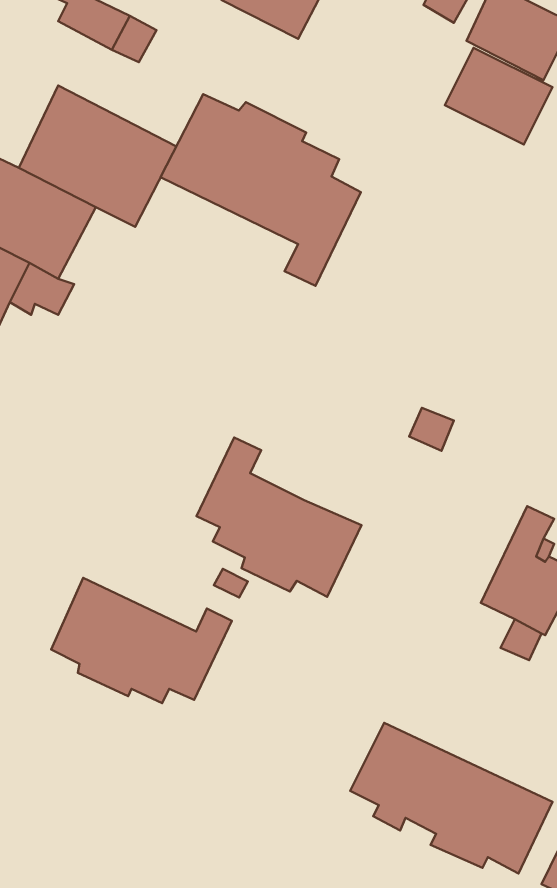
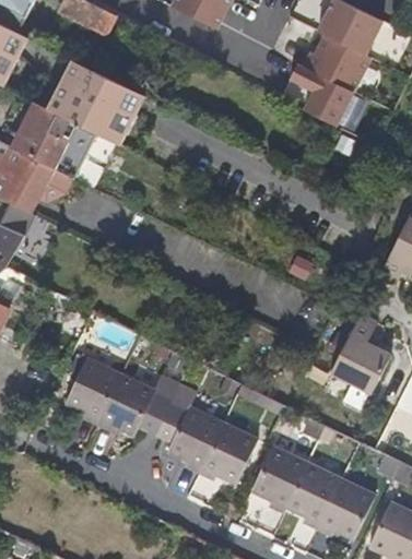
building: [161,94,361,286] -> none
building: none -> [290,71,354,129]
building: [197,437,361,597] -> [154,383,255,480]

